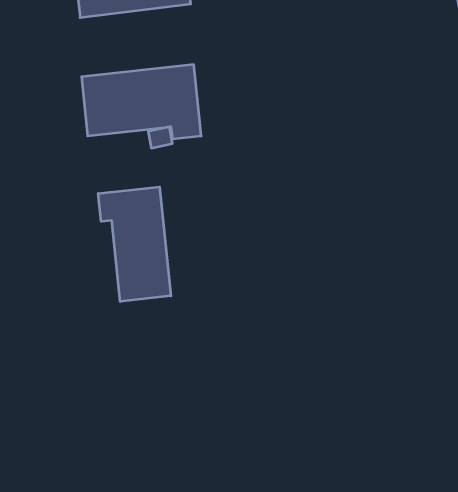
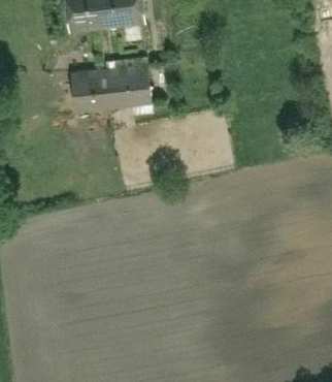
building: [98,187,171,302] -> none

